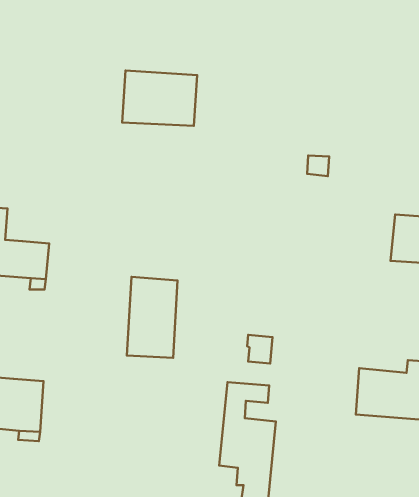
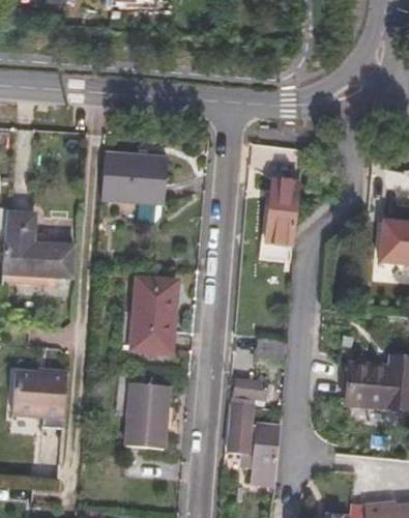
building: [122,70,197,126] -> [101,154,169,204]
building: none -> [259,176,293,240]
building: none -> [128,385,169,449]

